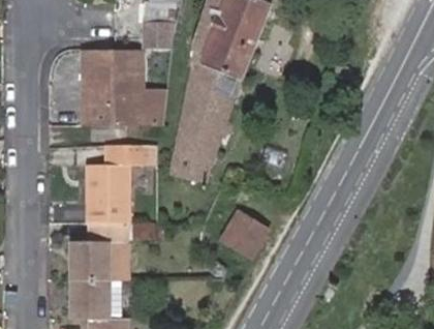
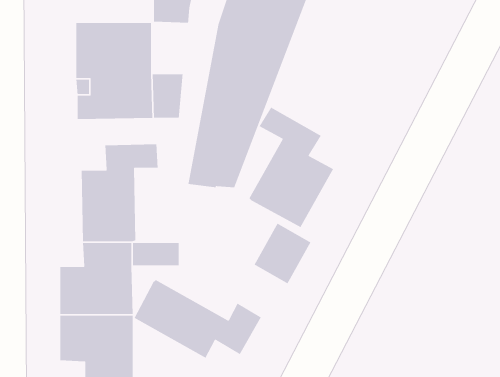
building: none -> [248,106,334,228]
building: none -> [133,279,262,359]

